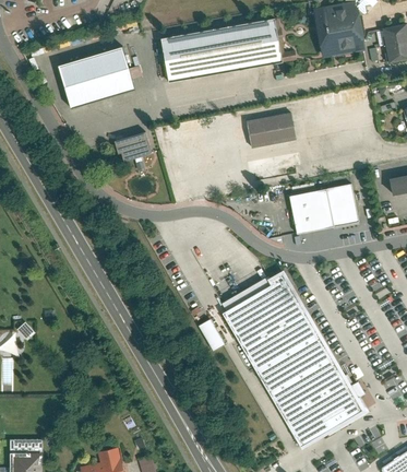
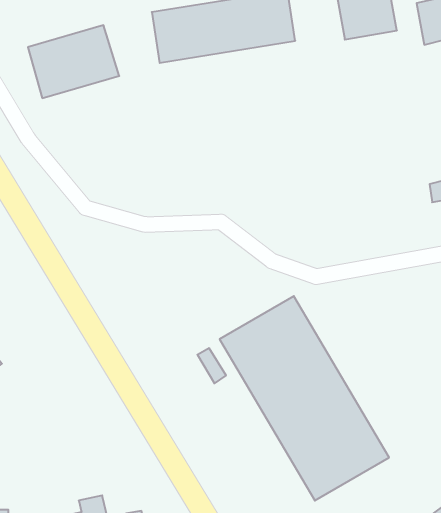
building: [250,114,298,148] -> none
building: [117,130,154,158] -> none
building: [289,184,358,232] -> none

